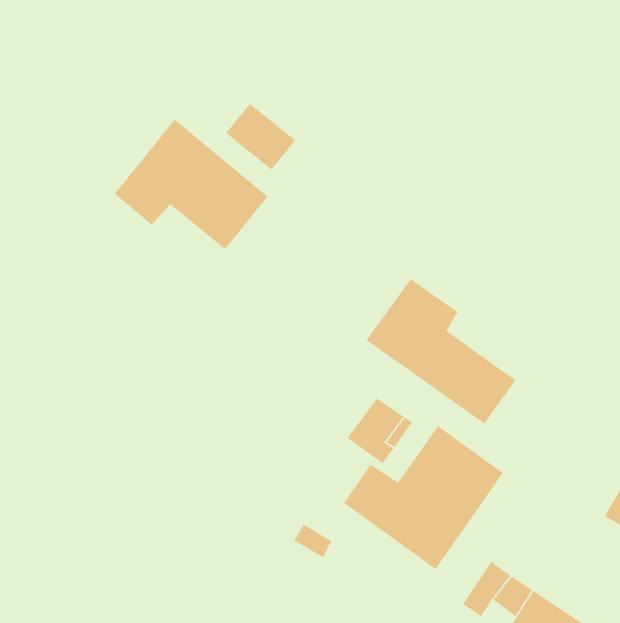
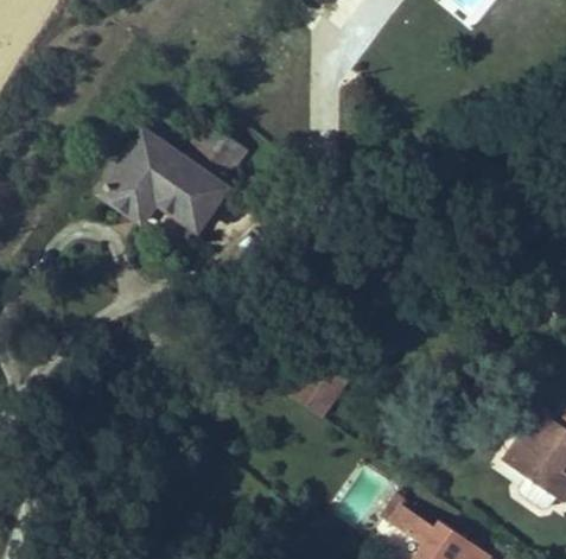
building: [366,278,516,425] -> none
building: [343,425,504,570] -> none

